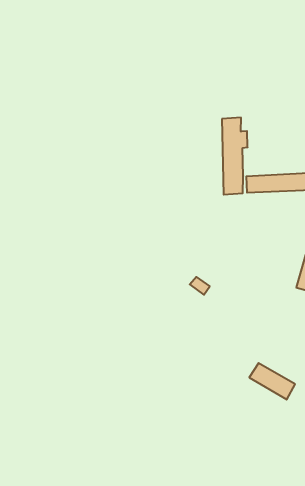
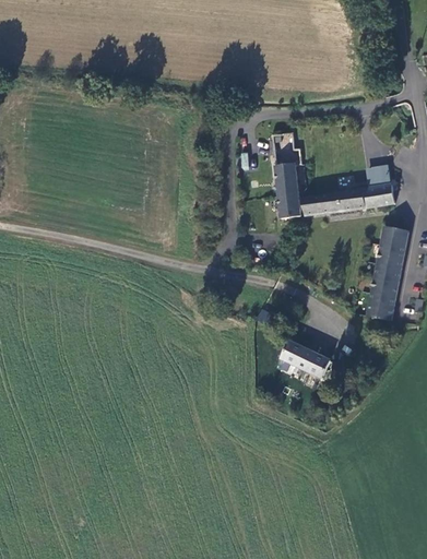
building: [249,363,295,400] -> [278,342,329,379]

